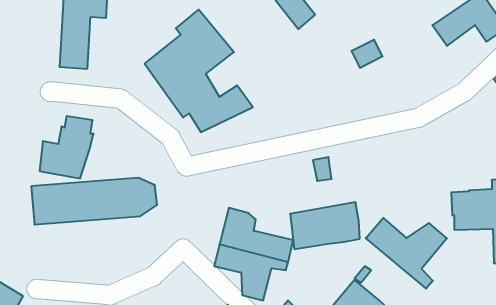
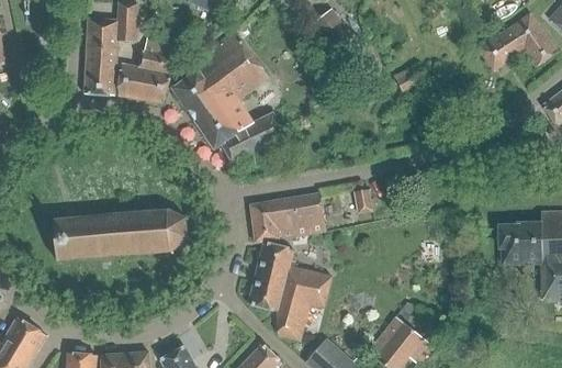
building: [40,116,94,178] -> [119,36,176,102]
building: [290,202,360,249] -> [251,191,325,241]
building: [366,218,447,289] -> none

